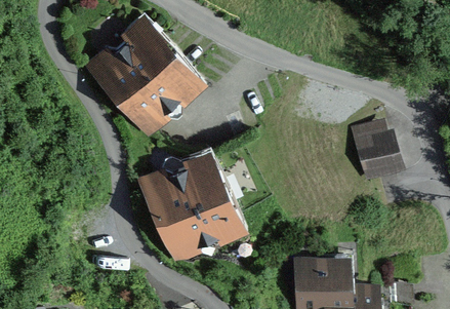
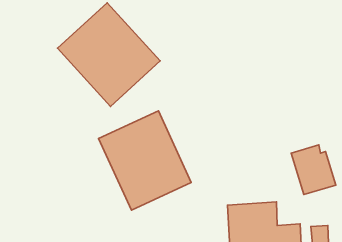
building: [351,121,405,182] -> [291,145,336,194]

